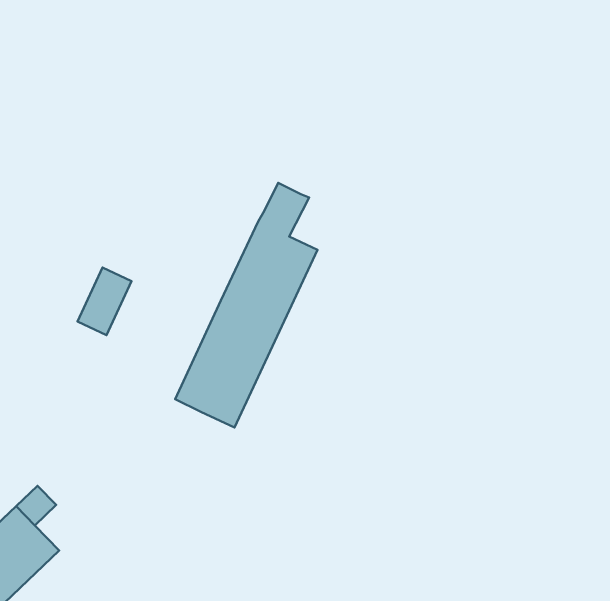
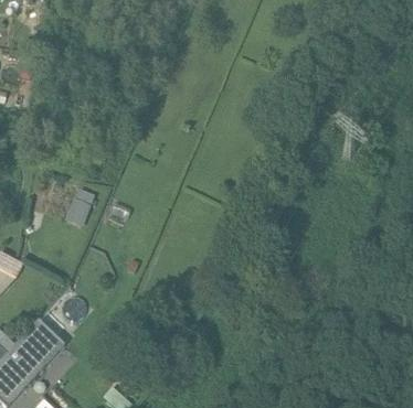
building: [175,183,318,428] -> none

